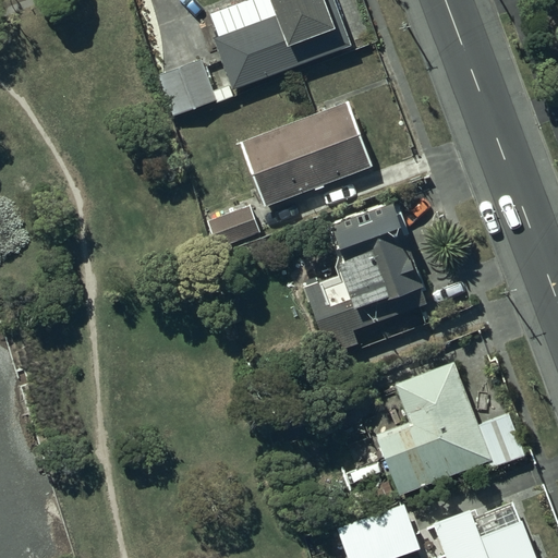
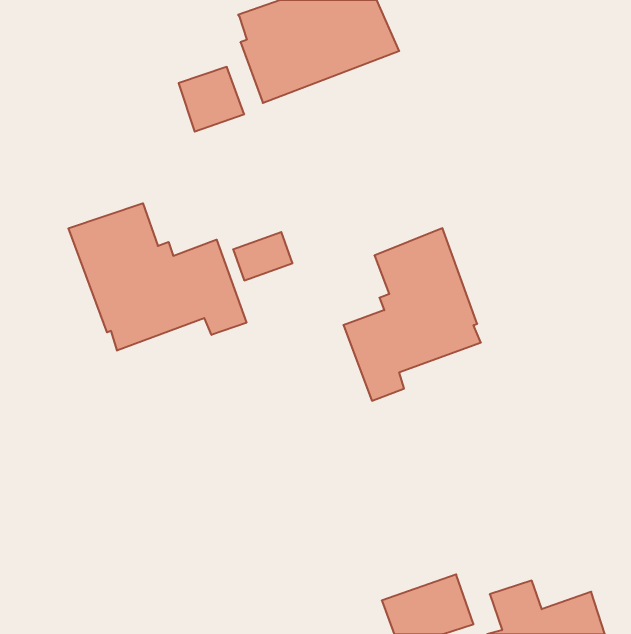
building: [239,101,373,205] -> none
building: none -> [68,203,246,351]
building: [374,361,525,494] -> none

